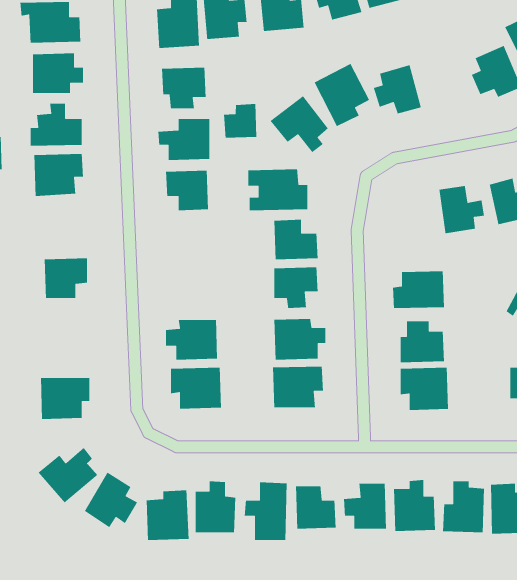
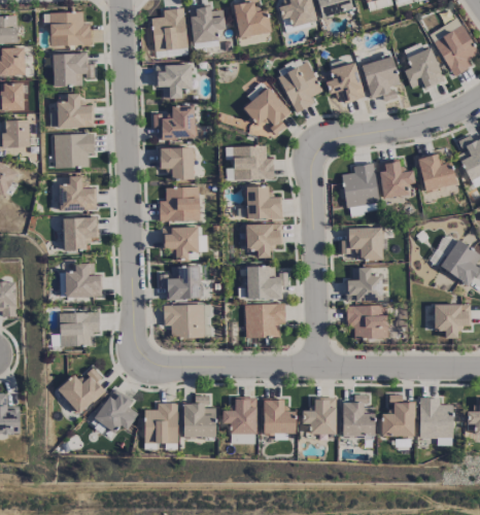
building: none -> [363,57,400,100]
building: [223,103,257,138] -> none
building: none -> [342,163,379,206]
building: none -> [59,175,97,210]
building: none -> [160,186,200,220]
building: none -> [164,227,199,260]
building: none -> [66,263,102,298]

